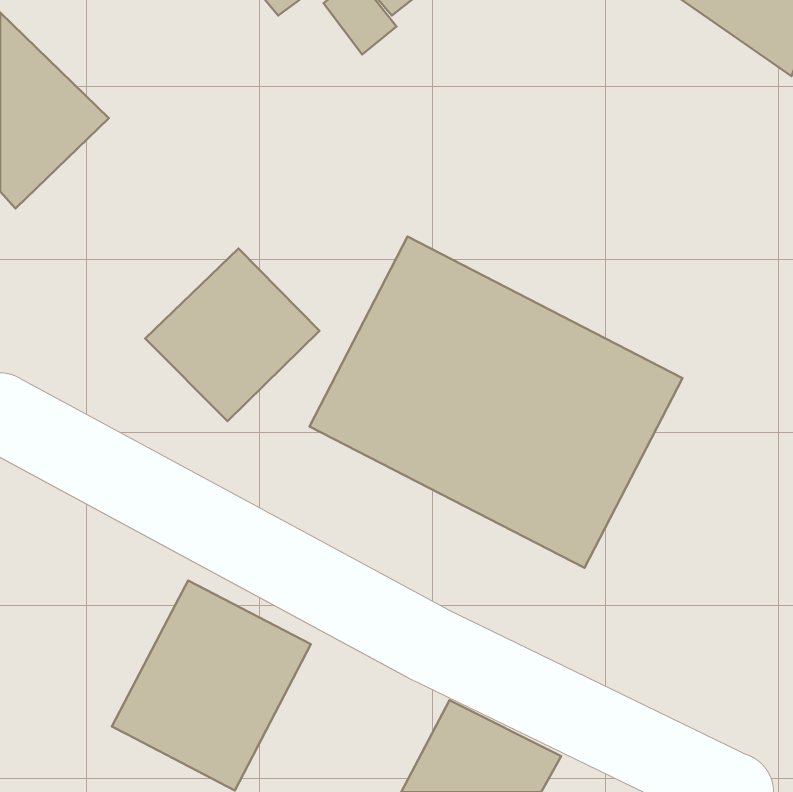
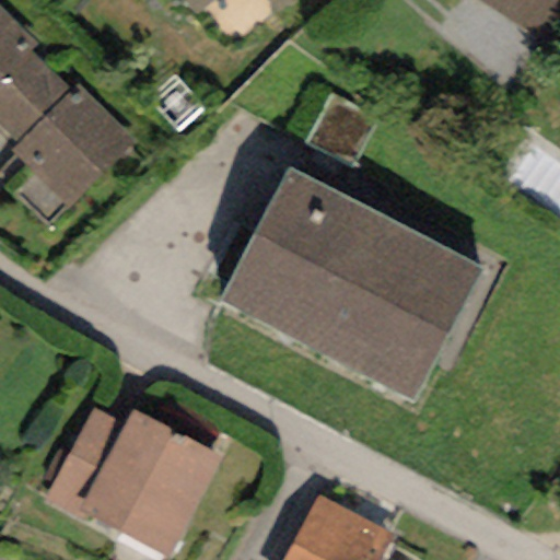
building: [145,248,319,421] -> [12,83,135,205]
building: none -> [43,408,125,526]

